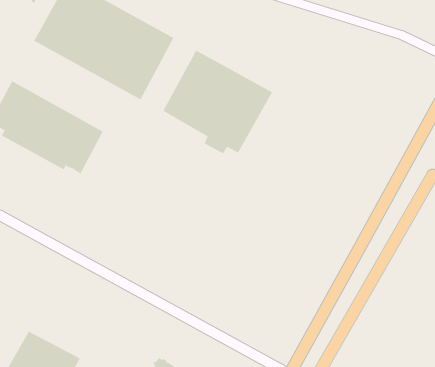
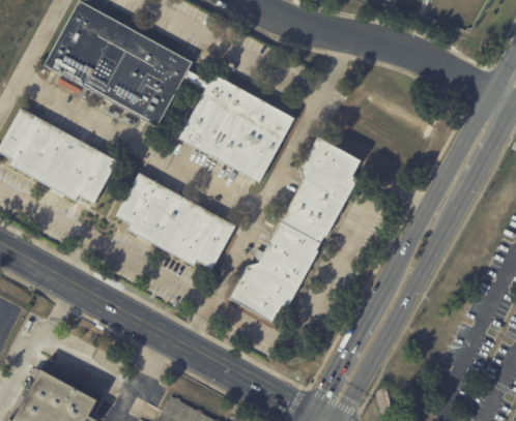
building: none -> [228,137,357,326]
building: none -> [116,173,236,270]

